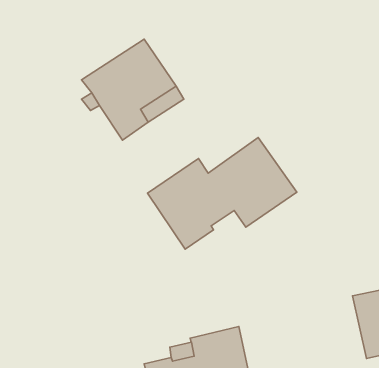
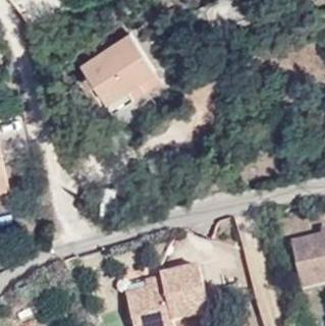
building: [147,138,297,249] -> none

